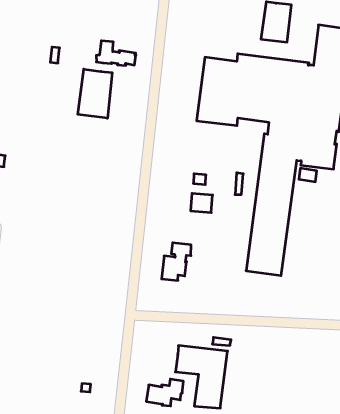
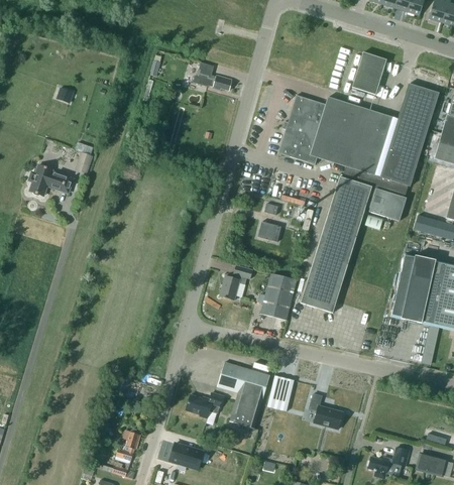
building: [78,69,112,118] -> none
building: none -> [260,273,296,320]
building: none -> [266,375,294,411]
building: none -> [308,393,342,430]

